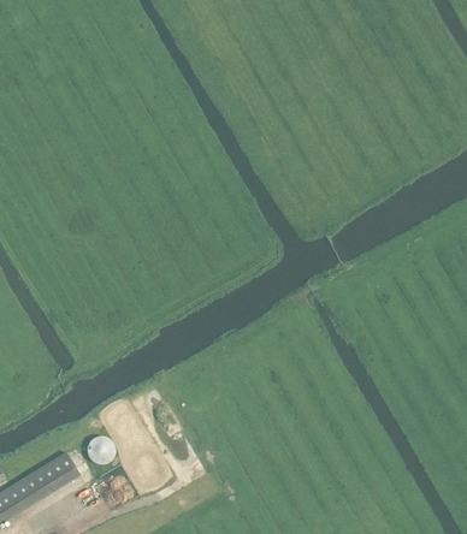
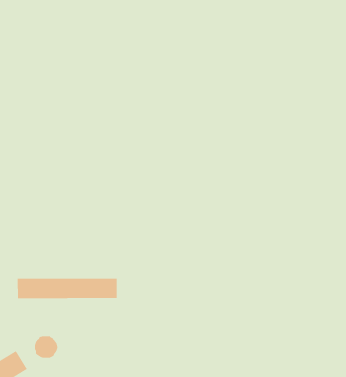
building: none -> [17,278,118,299]

